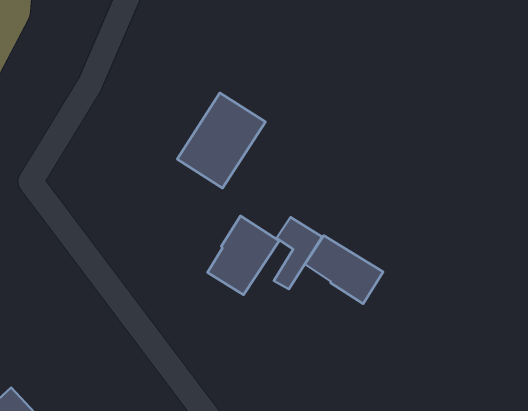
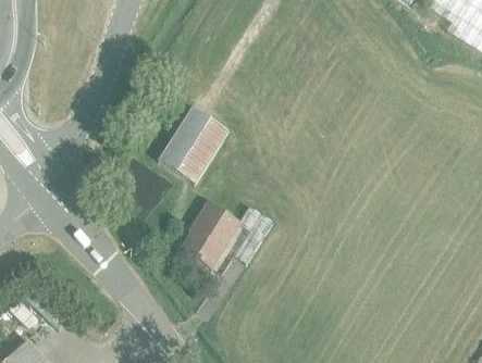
building: [305,236,383,304] -> none

